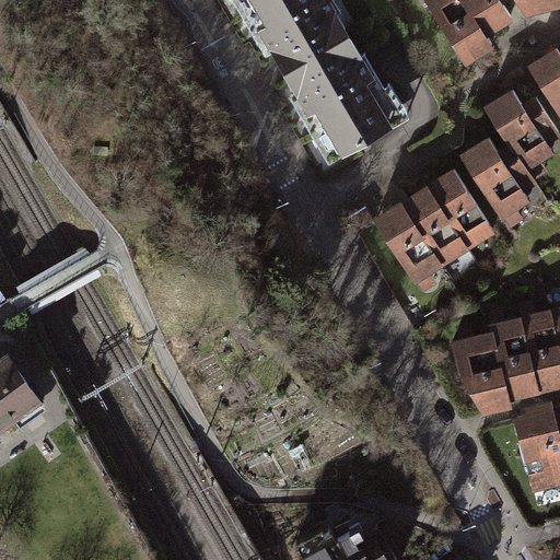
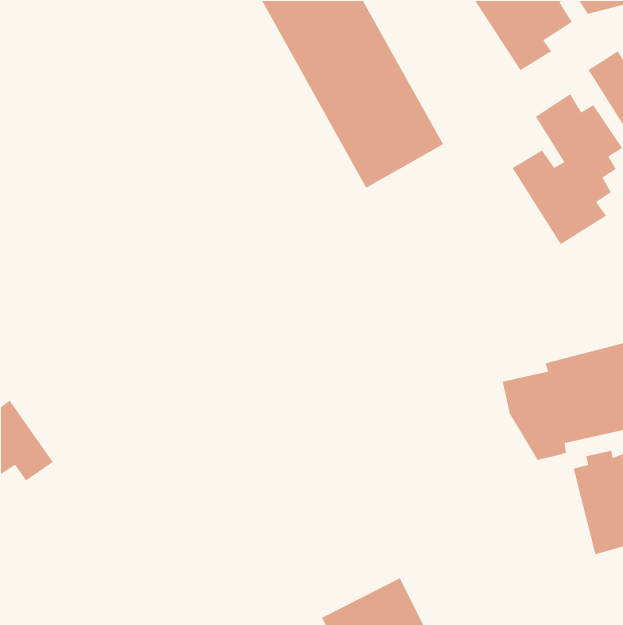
building: [371,164,494,282] -> none

